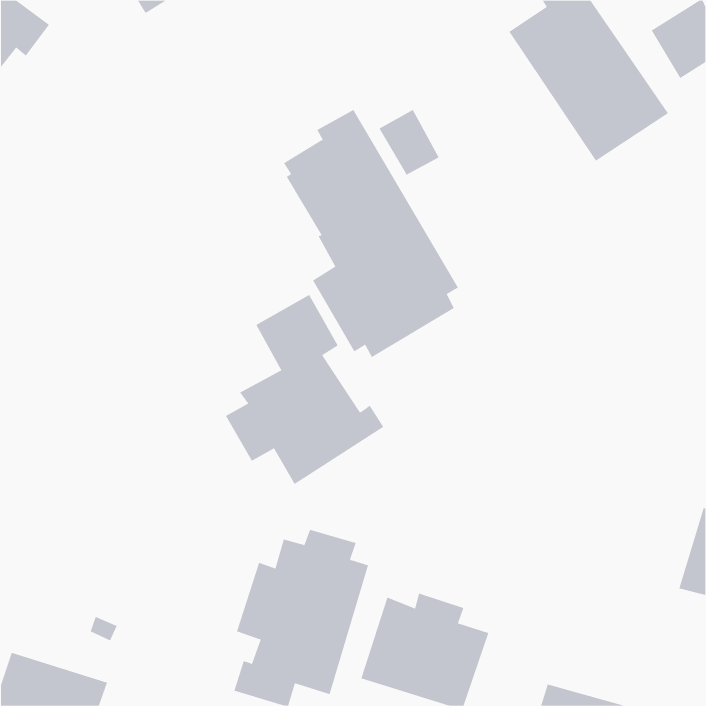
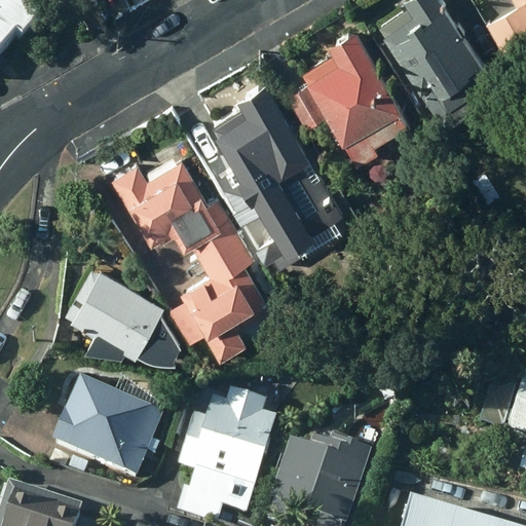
building: none -> [302,28,404,160]
building: none -> [110,155,230,248]
building: none -> [64,267,179,361]
building: none -> [45,383,161,483]

